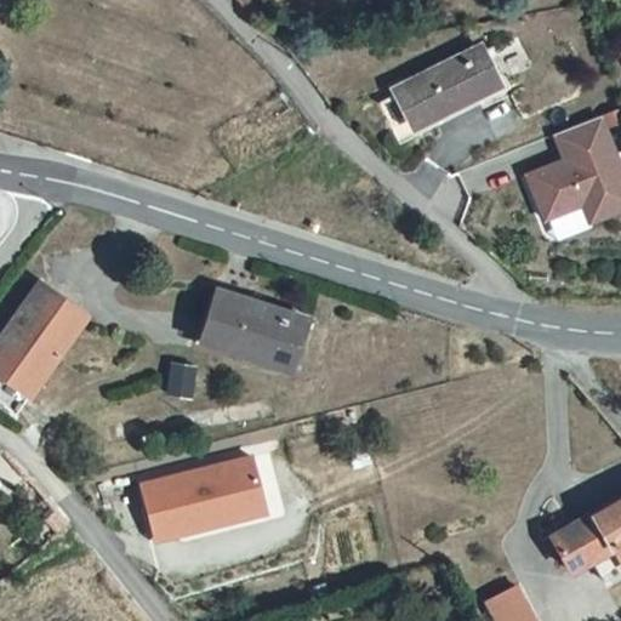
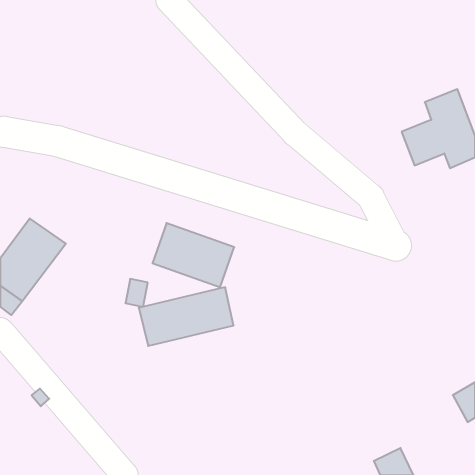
building: [398,40,501,135] -> none
building: [142,457,266,534] -> [139,287,234,346]
building: [564,515,613,571] -> none

